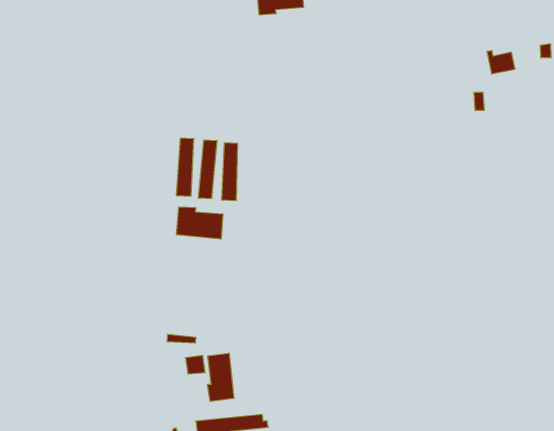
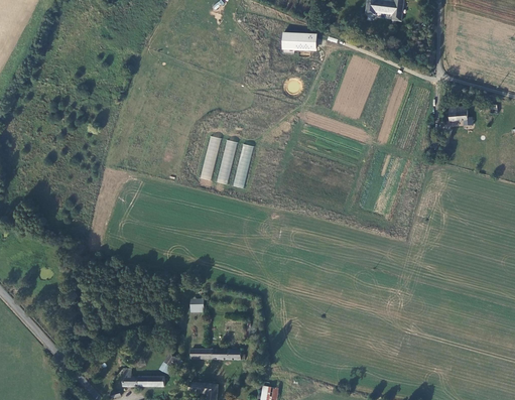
building: [177,207,223,239] -> none
building: [208,353,234,402] -> none

